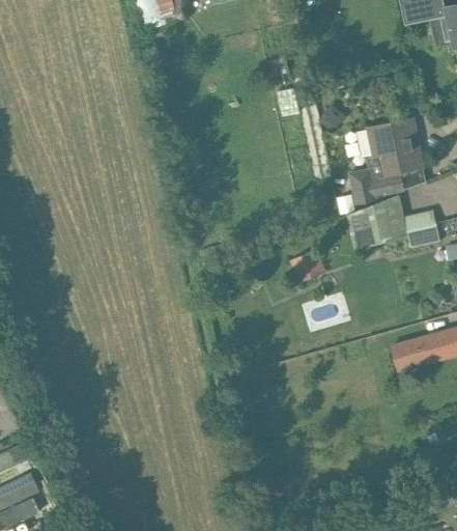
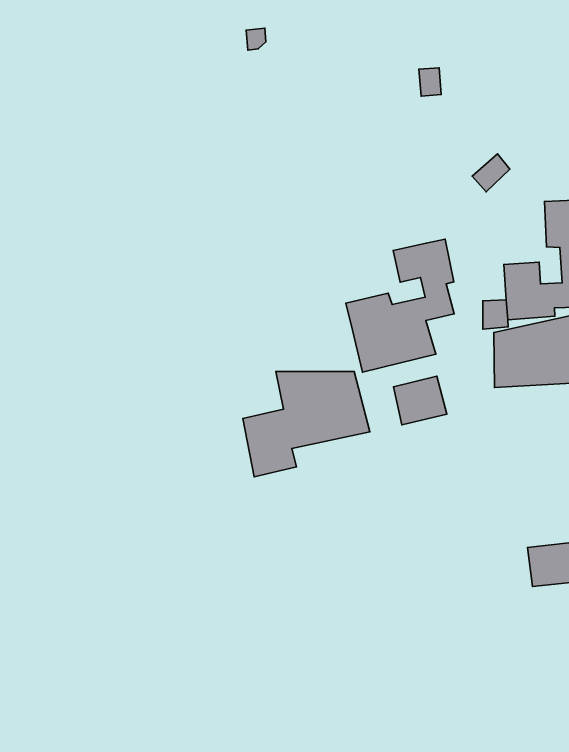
building: none -> [346,239,454,372]
building: none -> [243,371,370,477]

